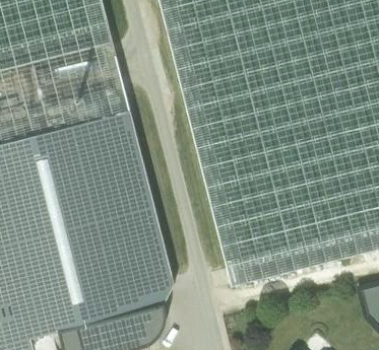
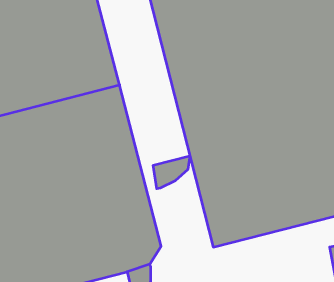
building: none -> [153,156,190,189]

